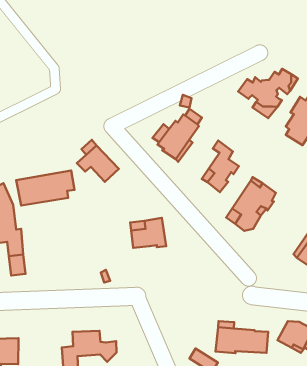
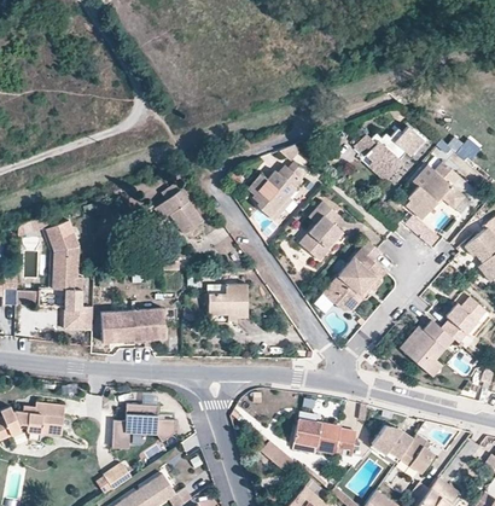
building: [16,171,74,205] -> [103,309,169,343]

